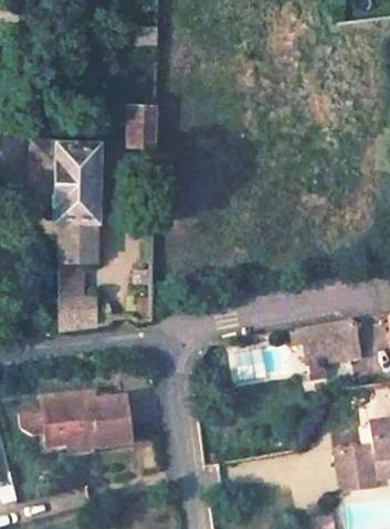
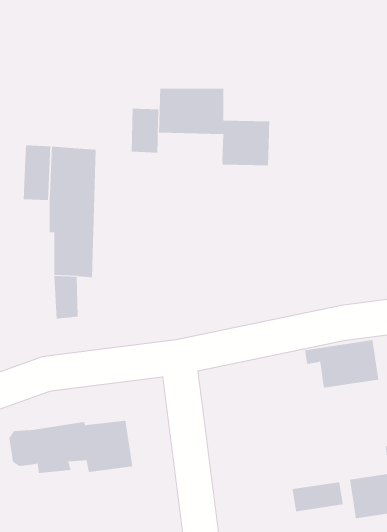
building: none -> [159,88,270,166]
building: [61,296,96,332] -> none
building: none -> [292,481,343,512]

